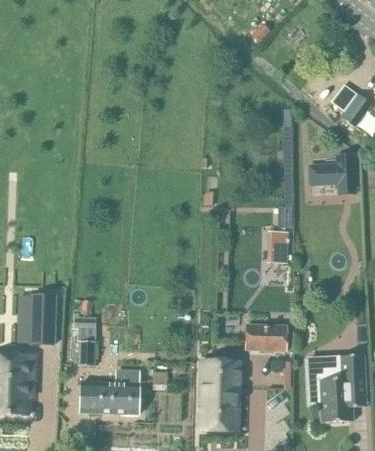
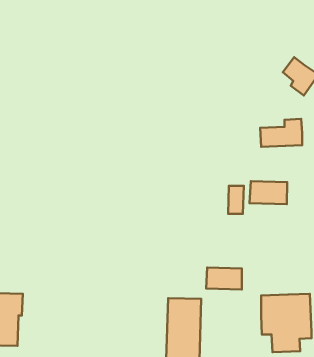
building: none -> [250,181,287,204]
building: [29,295,55,345] -> none
building: [74,312,97,366] -> none
building: [80,370,140,414] -> none

